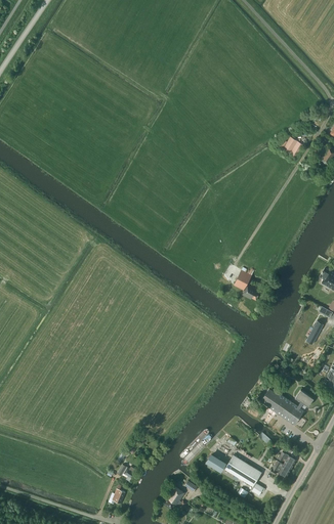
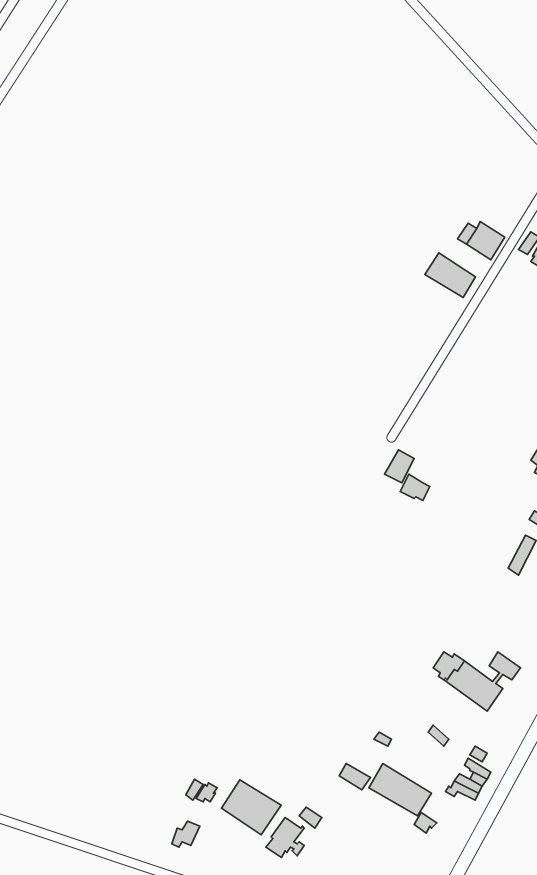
building: none -> [425,253,476,297]
building: none -> [222,780,281,835]

